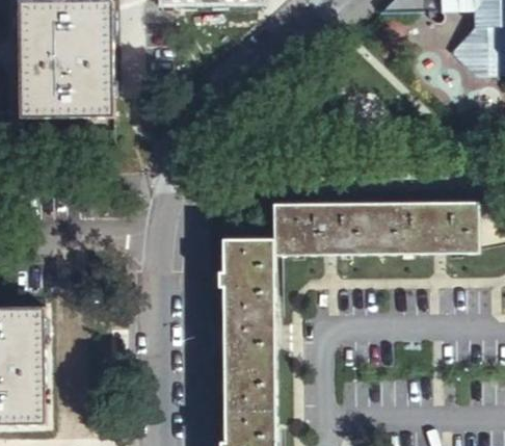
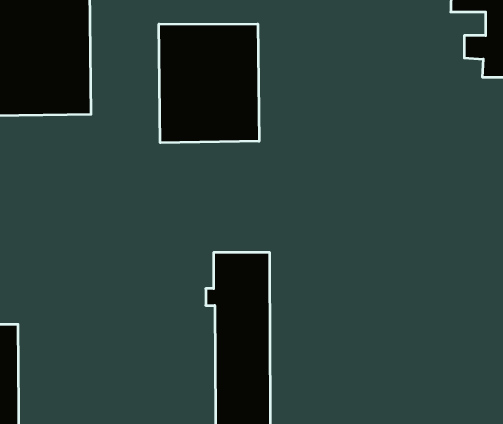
building: none -> [159,24,259,143]
building: [273,203,476,254] -> none

